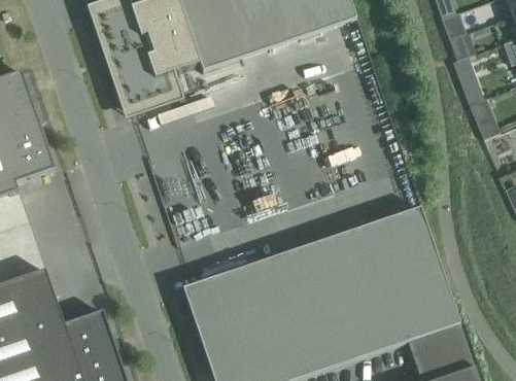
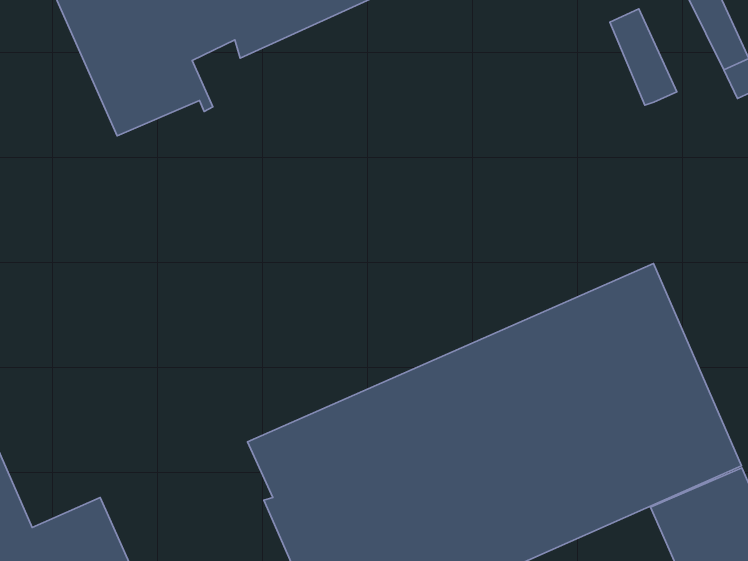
building: none -> [610,9,677,105]

